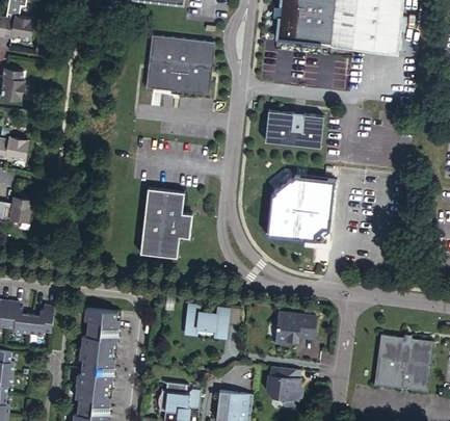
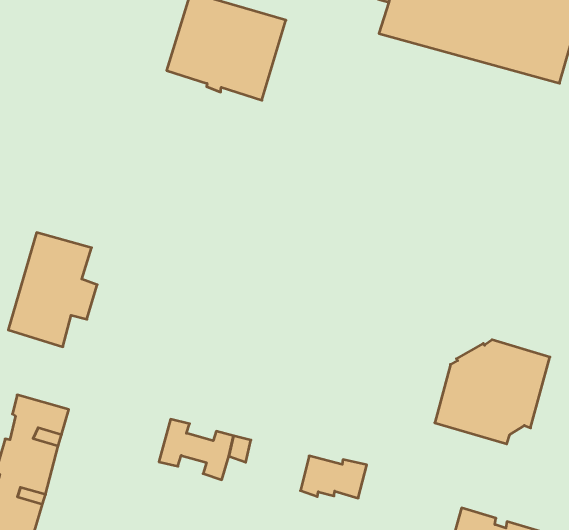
building: [268,110,324,147] -> none
building: [269,176,336,240] -> [435,340,550,444]
building: [140,187,192,257] -> [8,233,97,347]

